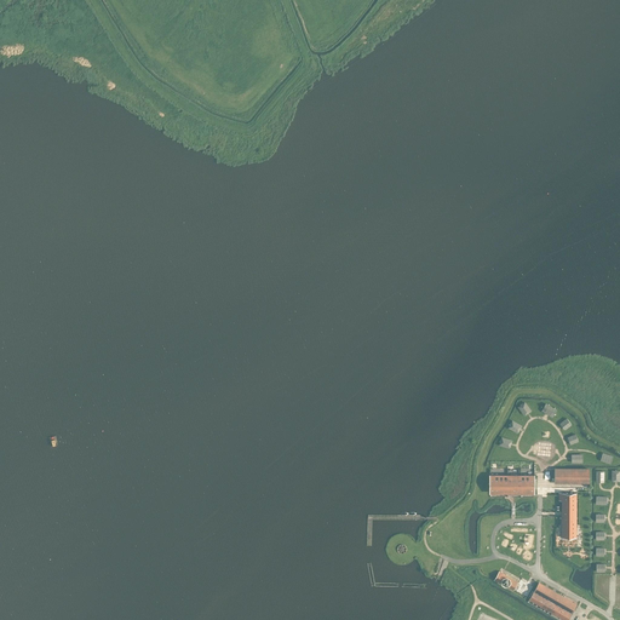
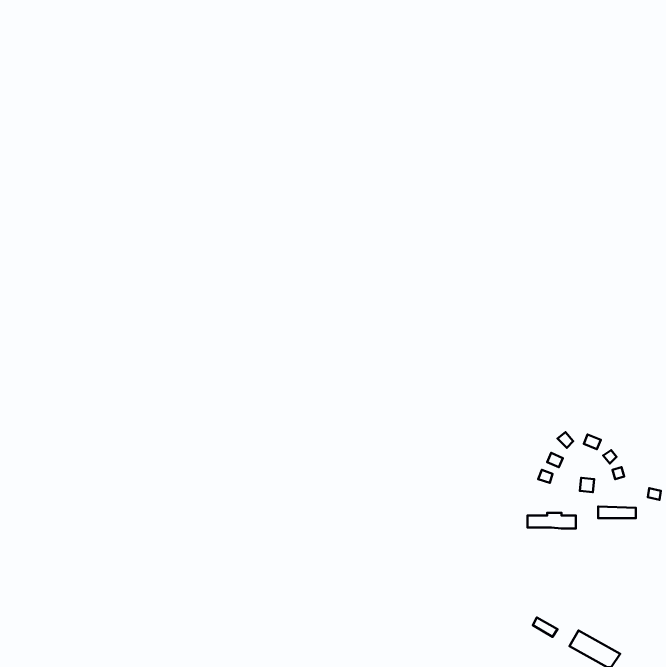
building: [561,494,578,538] -> none

